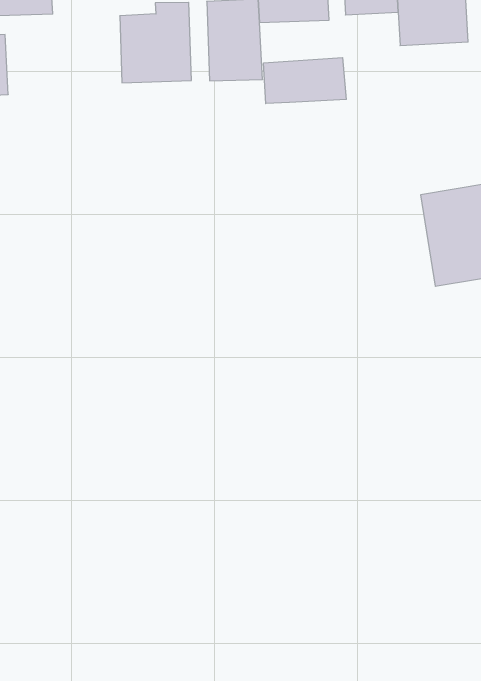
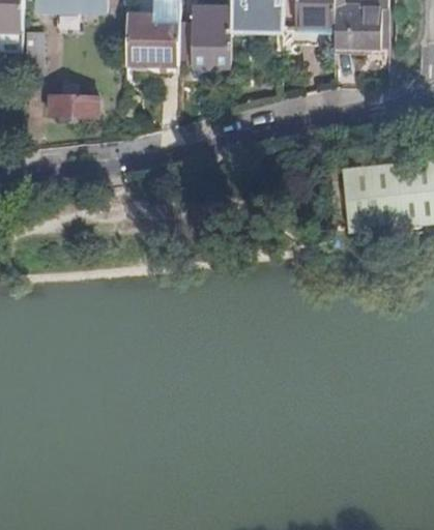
building: [264,58,346,104] -> none
building: none -> [50,97,98,119]

